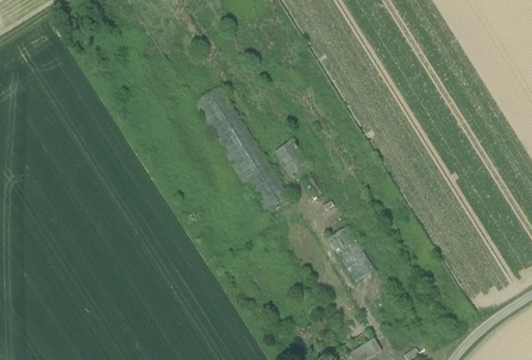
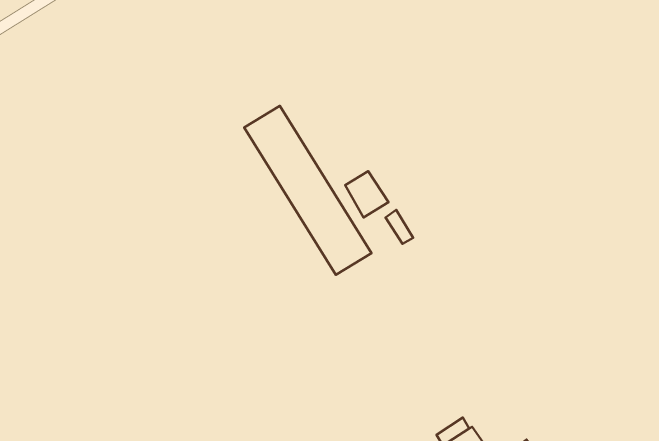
building: [327,225,373,279] -> none

